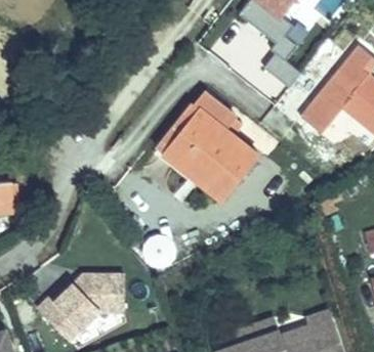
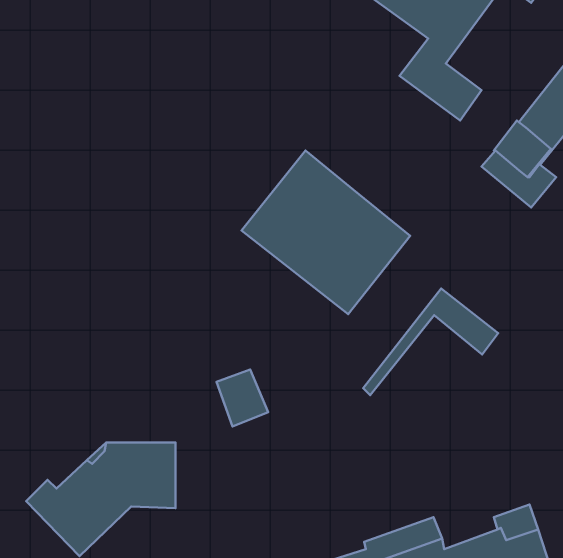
building: [158,91,236,152] -> [363,289,498,395]

